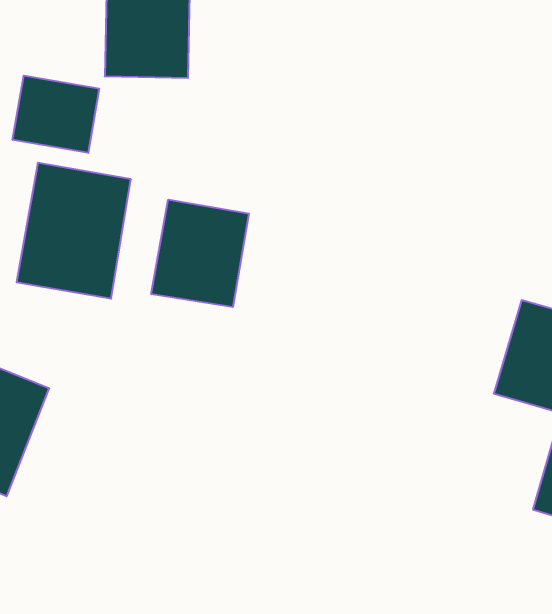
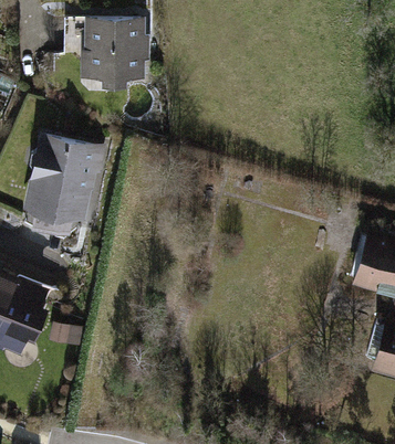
building: [13,76,99,153] -> none
building: [151,200,249,307] -> none

